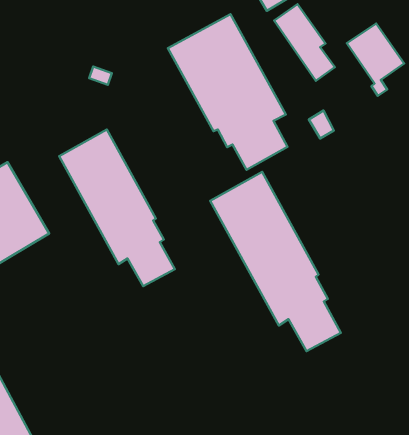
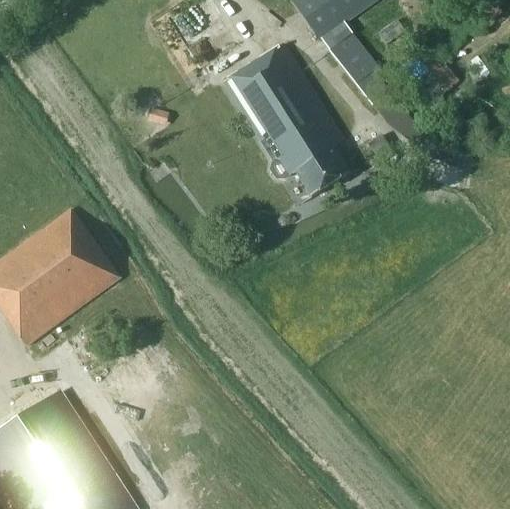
building: [59,129,175,286] -> none
building: [210,172,341,351] -> none

